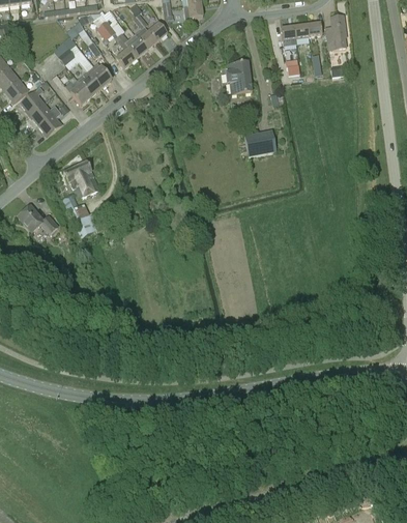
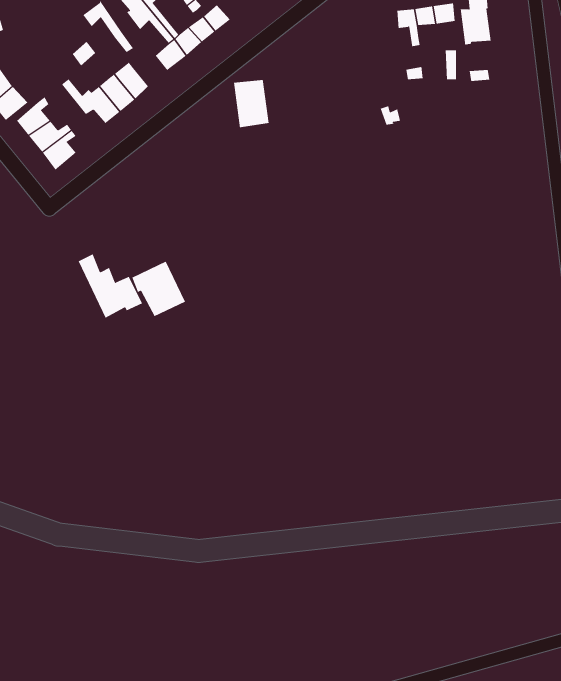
building: [227,60,252,93] -> [233,80,269,128]
building: [243,128,277,155] -> none
building: [62,161,99,199] -> [131,261,186,317]
building: [18,205,57,232] -> none

